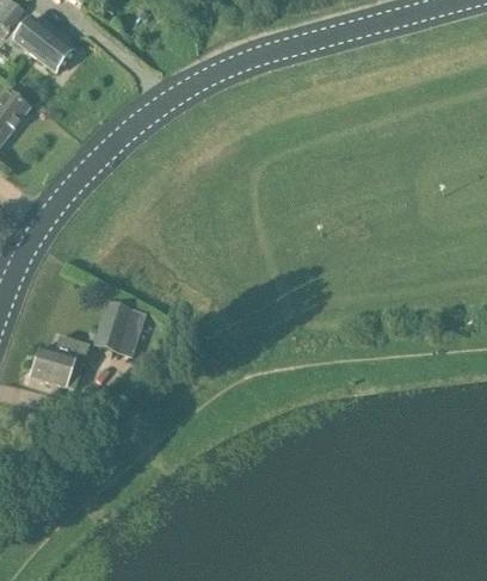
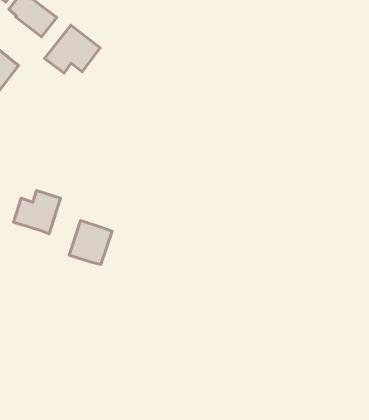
building: none -> [44,25,100,73]
building: [29,335,87,389] -> [14,191,61,234]

